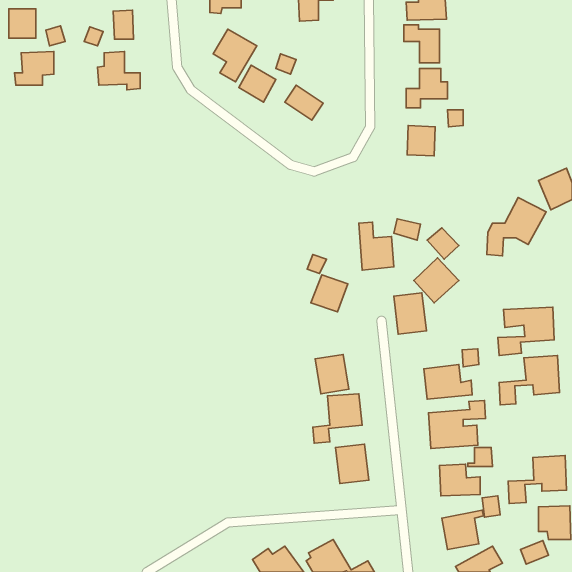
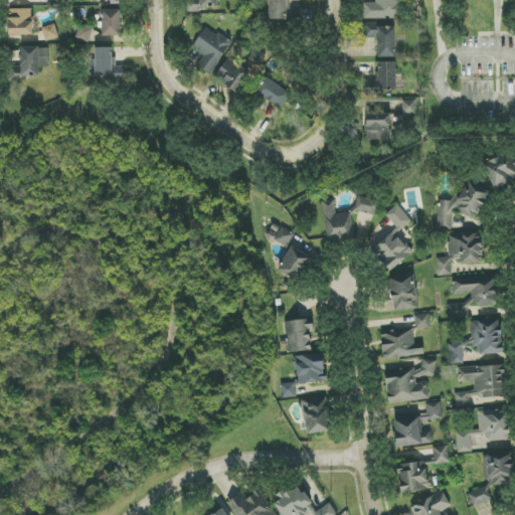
building: none -> [436,232,482,275]
building: [394,293,426,334] -> [388,274,417,311]
building: none -> [455,364,505,406]

